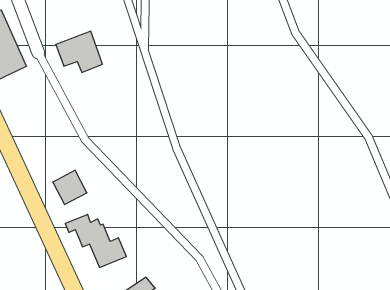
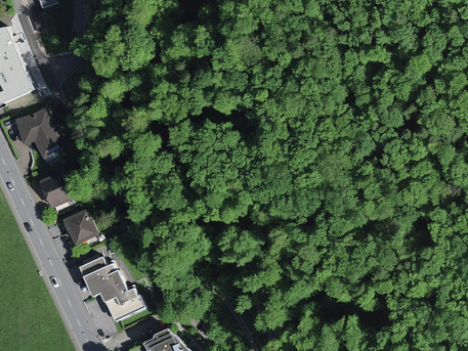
building: [56,31,102,72] -> [13,105,67,152]
building: none -> [41,169,80,208]

